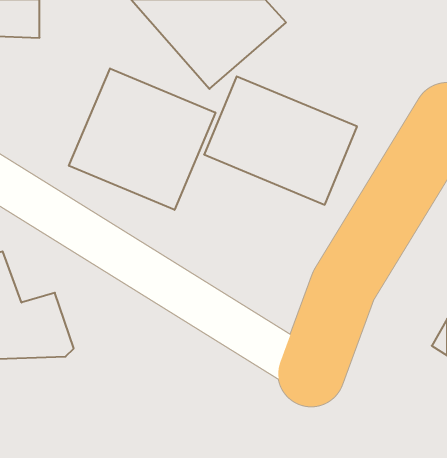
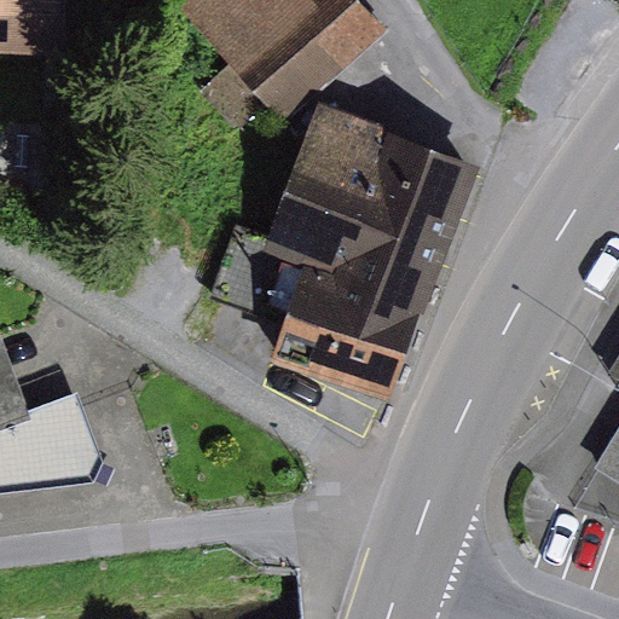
building: [69,68,215,210] -> none
building: none -> [250,208,436,394]

